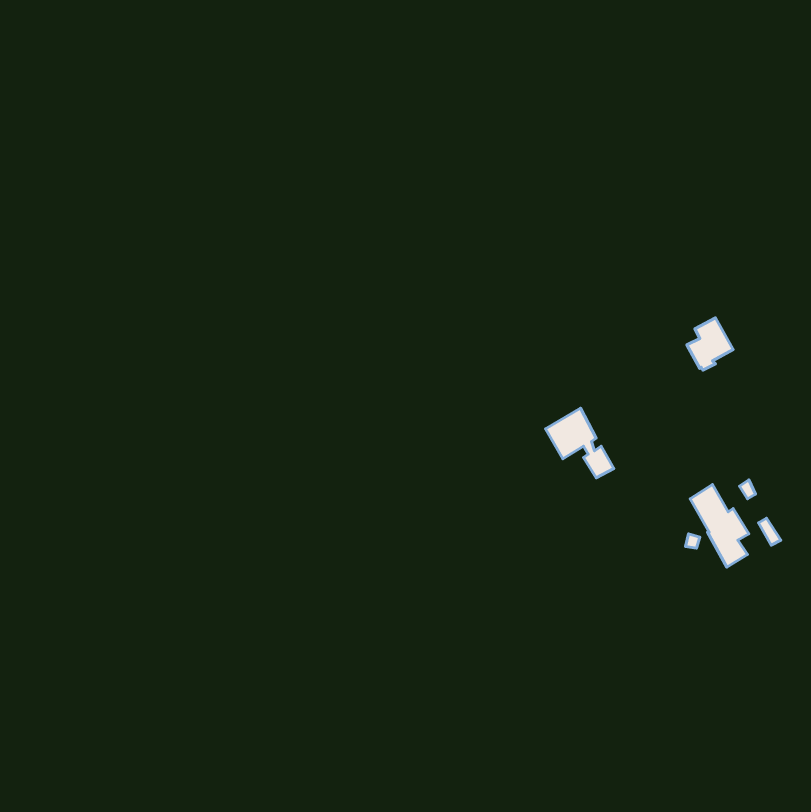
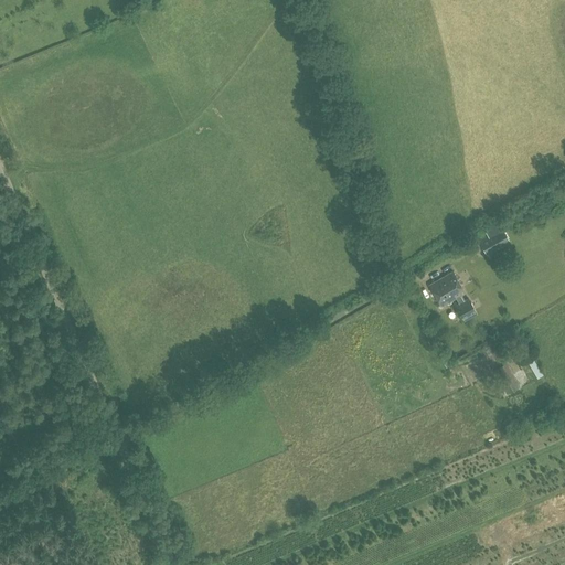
building: [545,408,614,478] -> [428,270,476,319]

